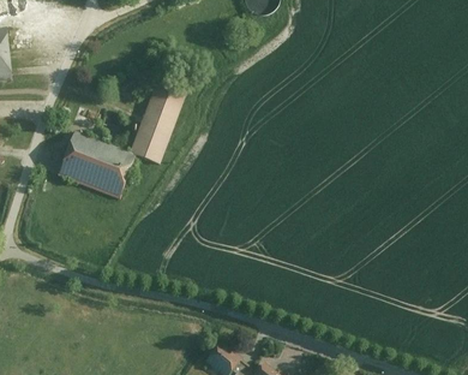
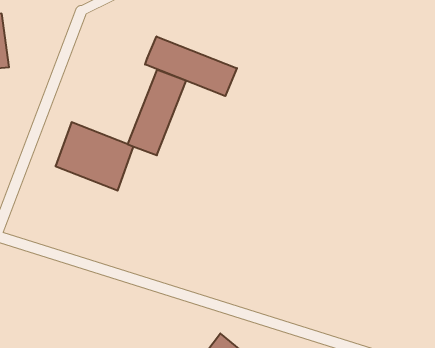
building: none -> [145,36,237,96]

